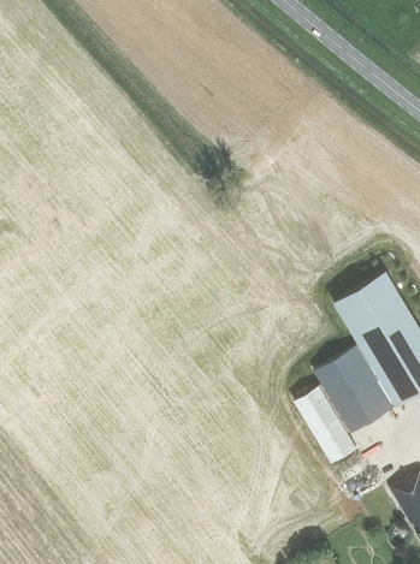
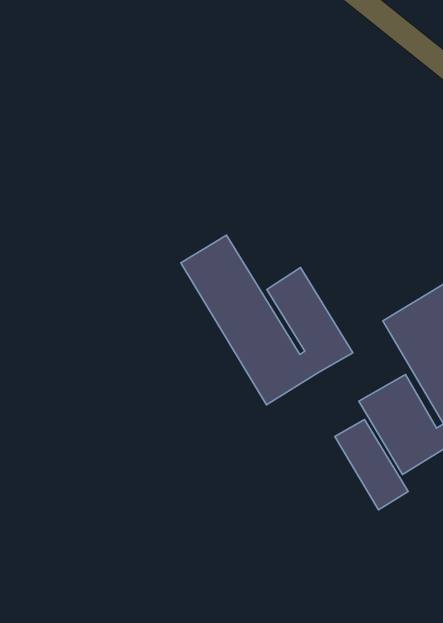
building: none -> [181,235,353,405]

